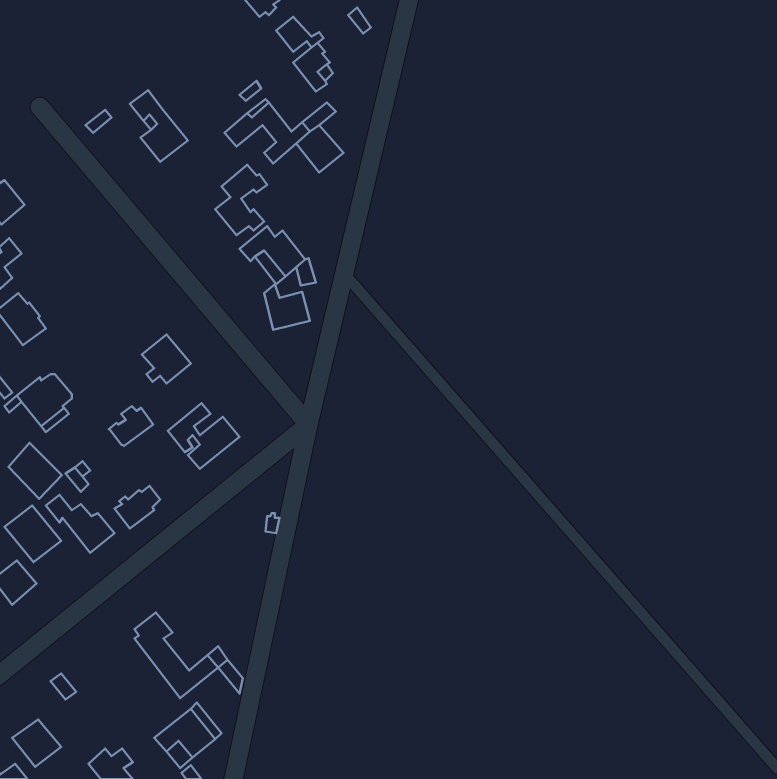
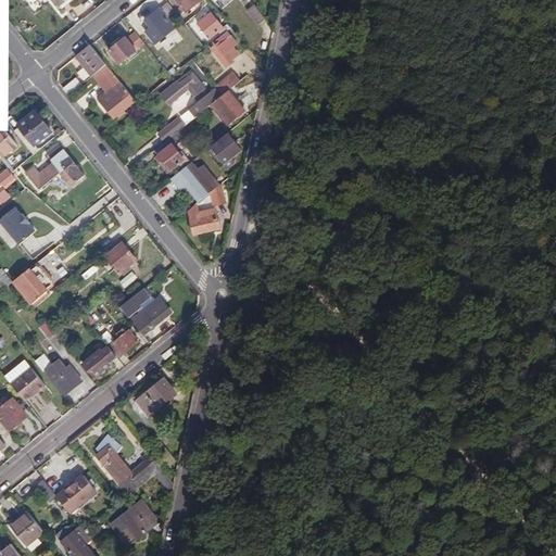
building: none -> [144,4,177,42]
building: none -> [109,30,143,62]
building: none -> [76,45,105,76]
building: none -> [14,111,51,146]
building: none -> [208,132,239,166]
building: none -> [26,142,85,188]
building: [109,406,153,446] -> [105,328,137,356]
building: [8,443,62,499] -> none
building: none -> [134,377,176,417]
building: none -> [56,473,98,513]

